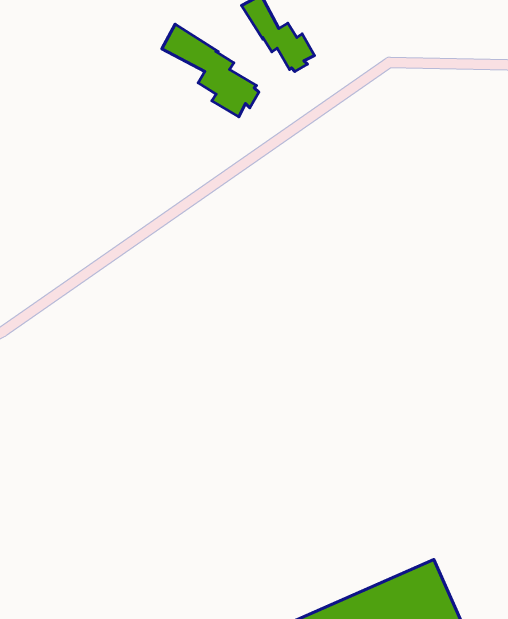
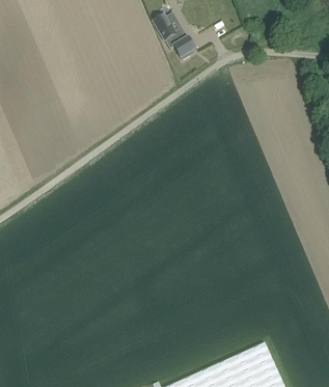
building: [162,24,259,117] -> none

